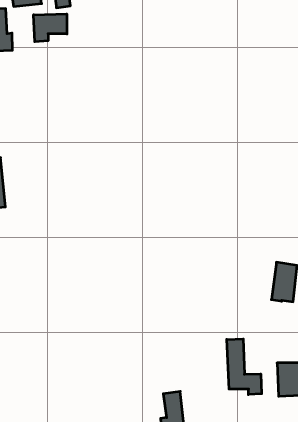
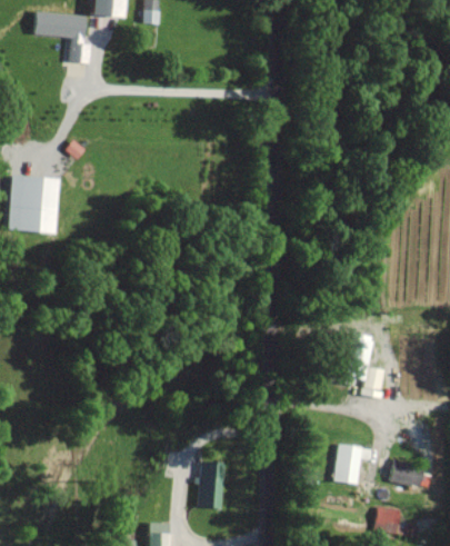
building: [34,14,67,42] -> none
building: [227,339,262,395] -> none

